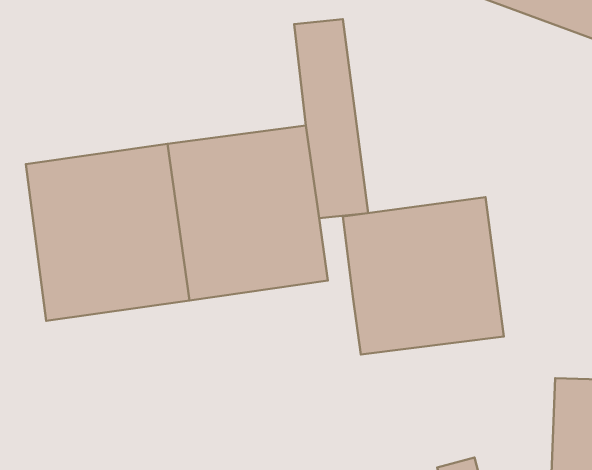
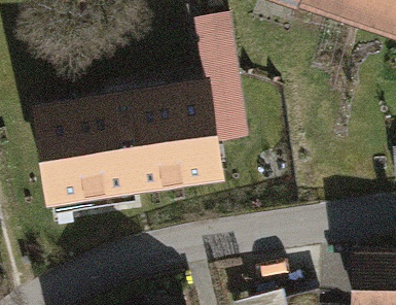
building: [343,197,504,354] -> none

